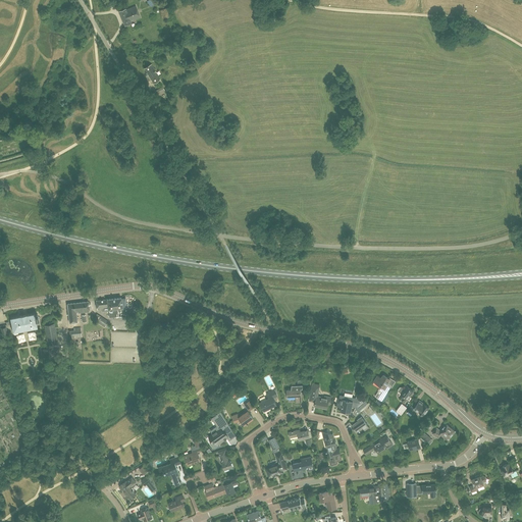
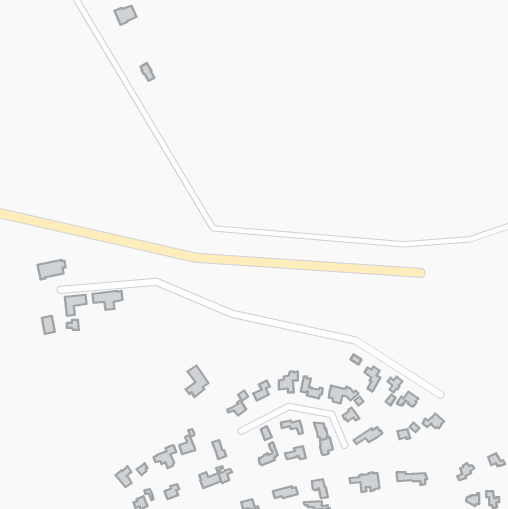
building: [9,313,38,333] -> [38,260,65,280]
building: [208,412,231,445] -> [186,365,208,397]

